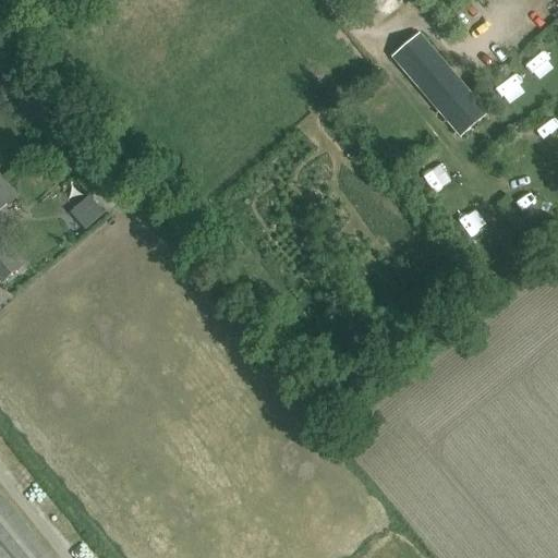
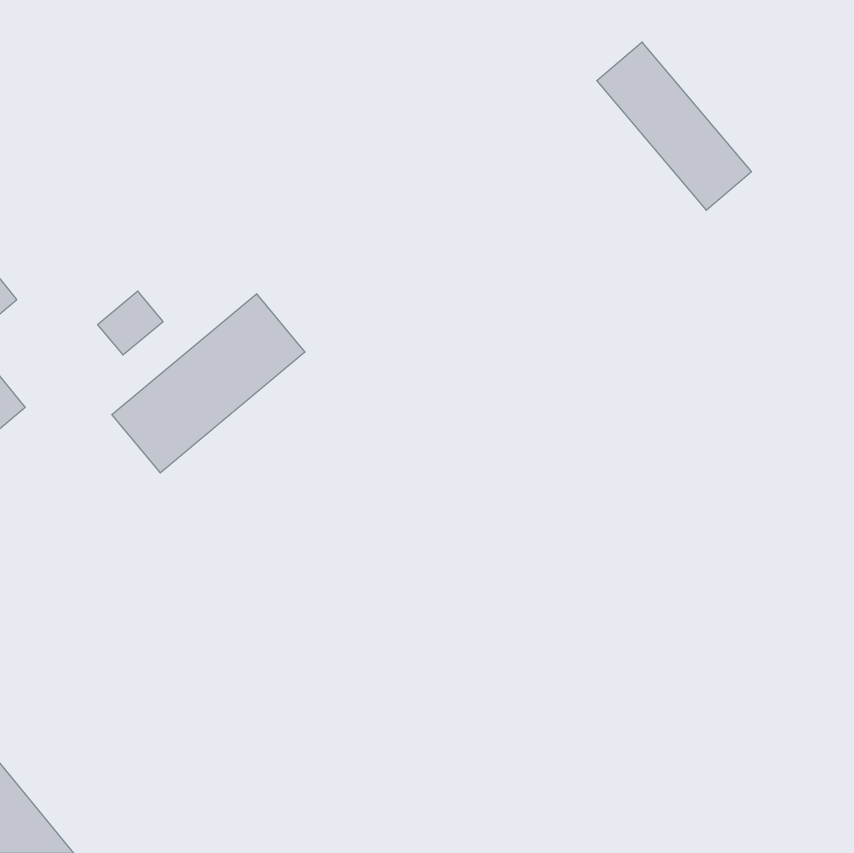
building: none -> [112,294,305,473]

